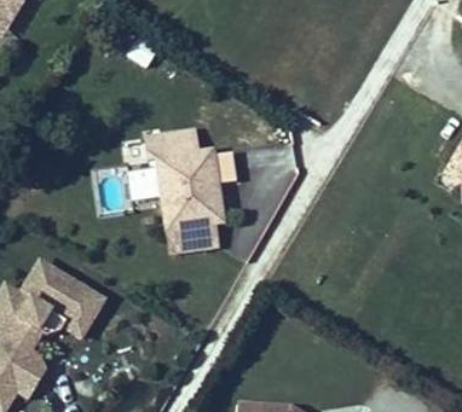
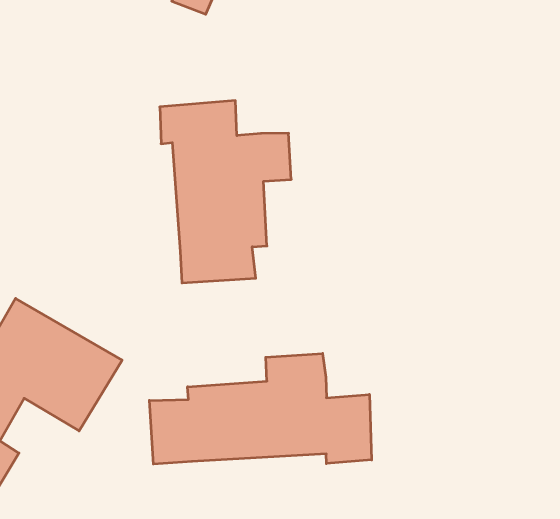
building: none -> [149,353,372,464]

